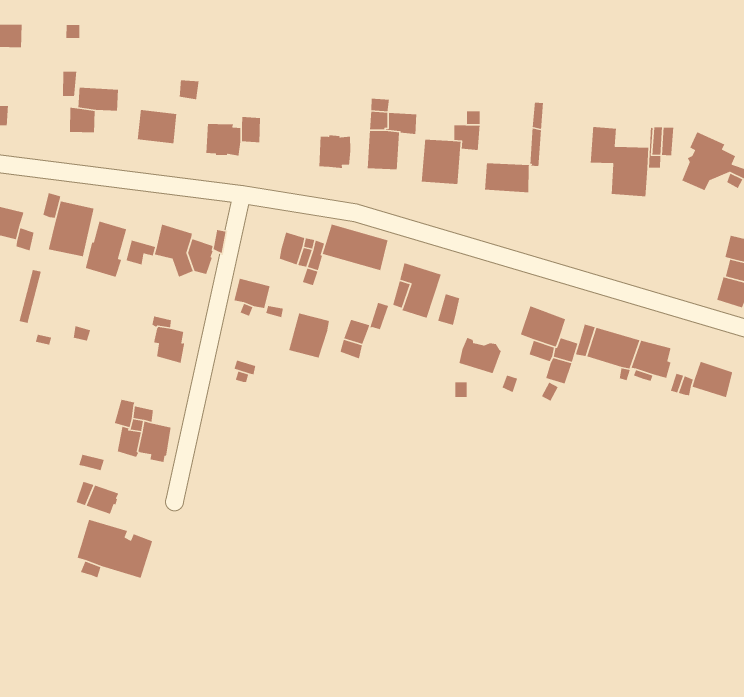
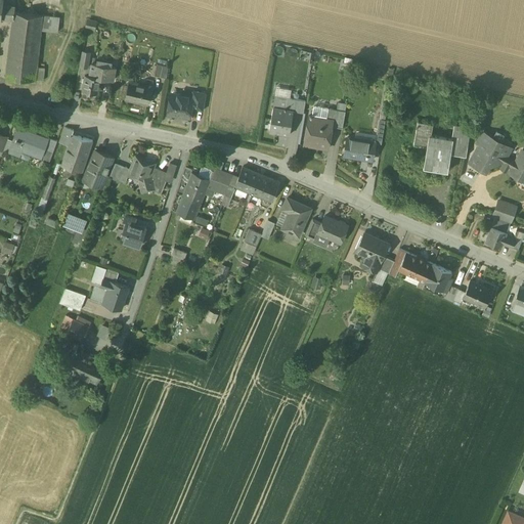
building: [319,135,351,169] -> none
building: [288,313,330,358] -> [181,172,210,203]
building: [459,337,502,374] -> [318,216,347,242]

